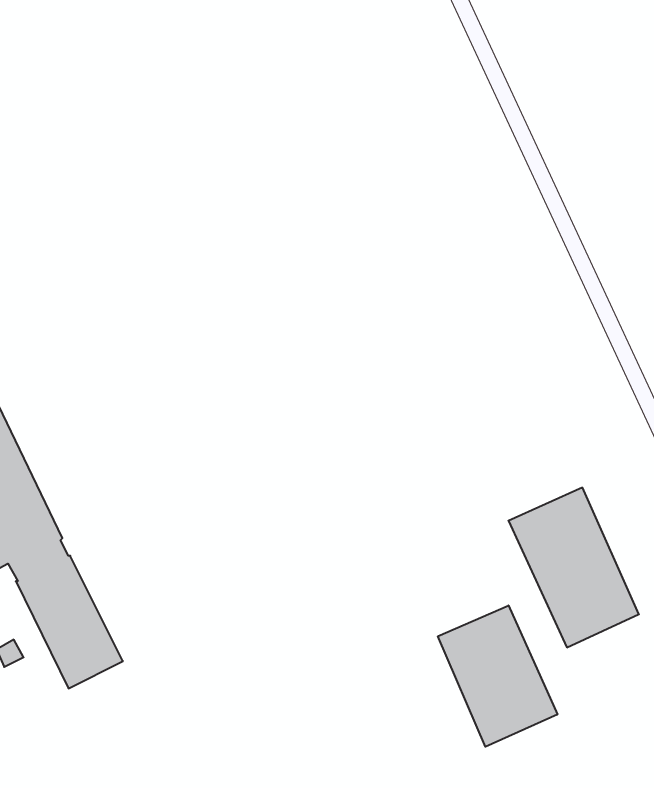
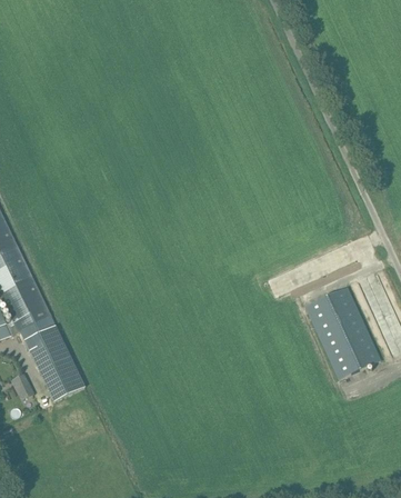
building: [438,605,557,747] -> none

